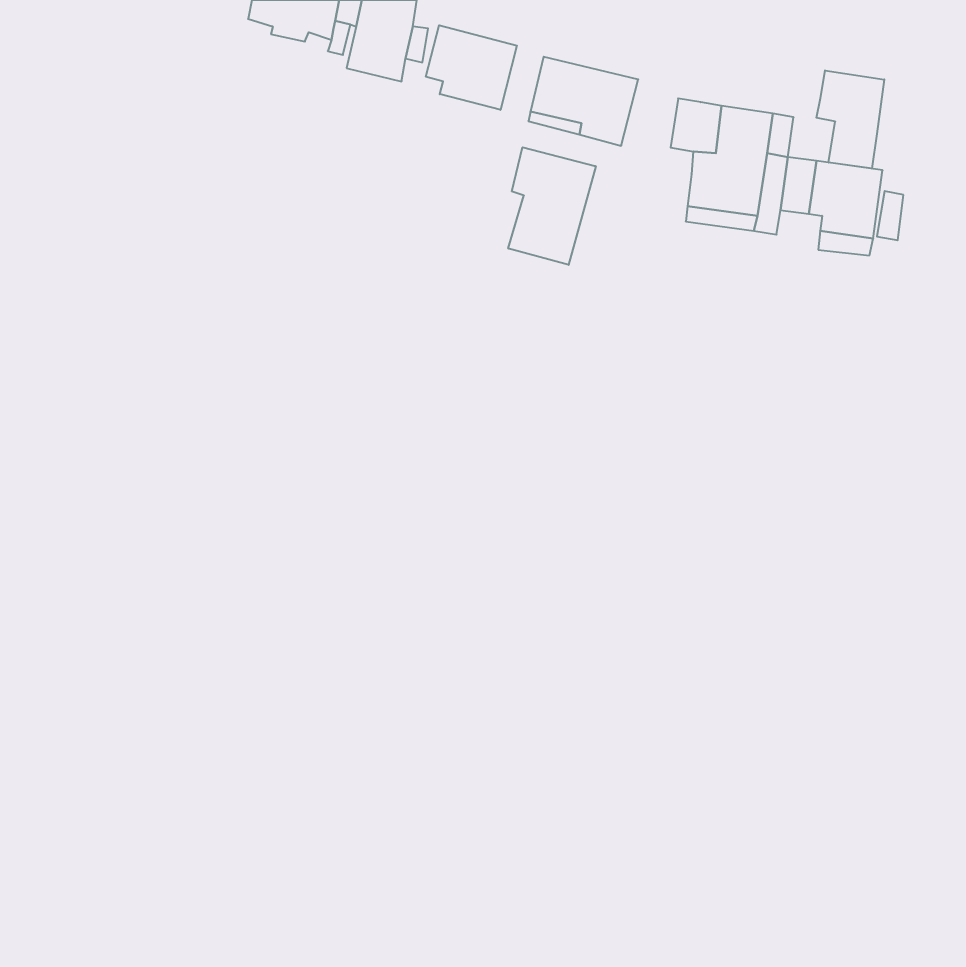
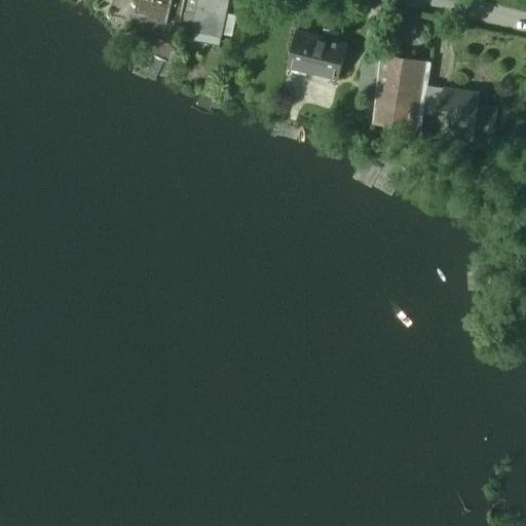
building: [426,25,517,110] -> none
building: [816,70,884,169] -> none
building: [508,147,596,265] -> none

